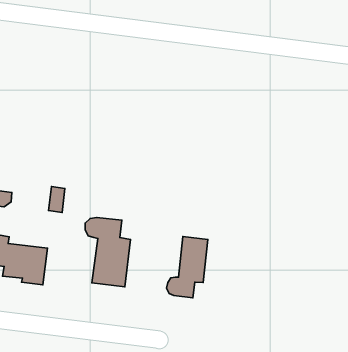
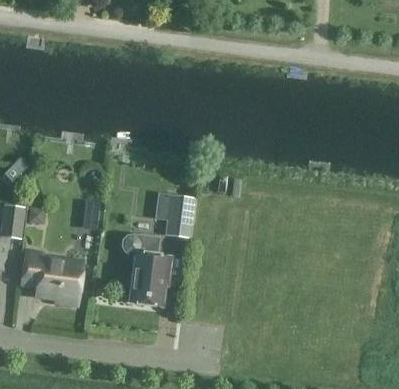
building: none -> [164,193,195,238]
building: [166,237,208,298] -> none

